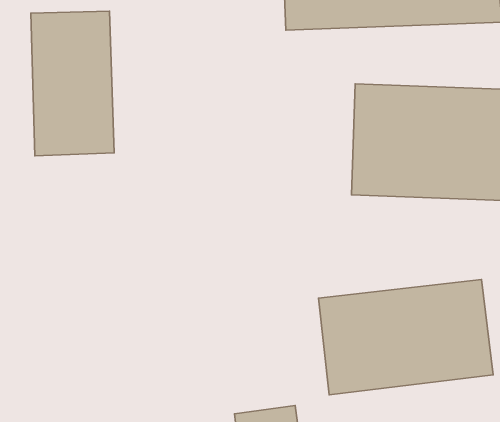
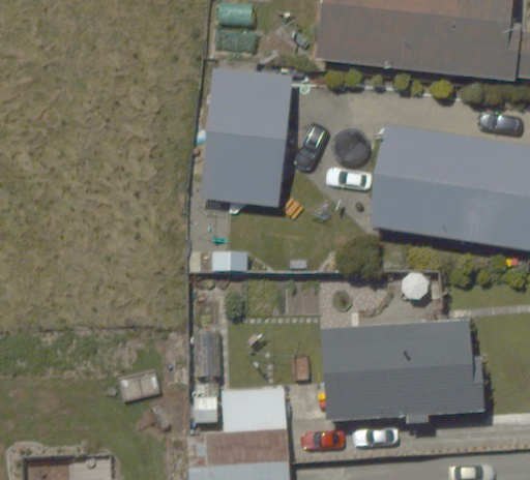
building: [31,11,114,156] -> none
building: none -> [209,72,289,204]

